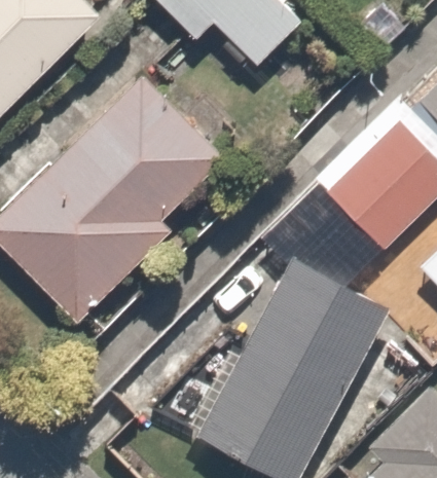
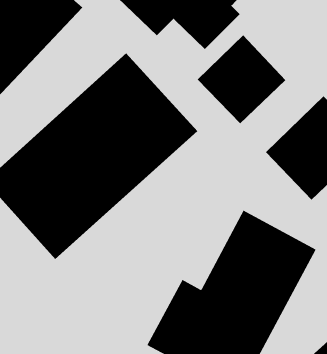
building: none -> [197,35,286,124]

